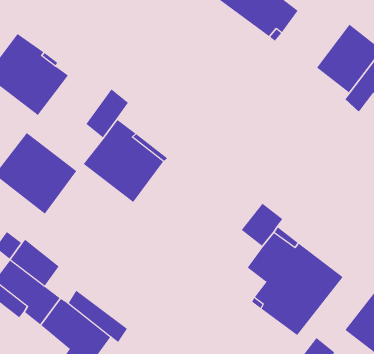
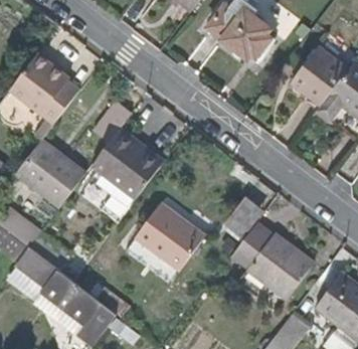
building: none -> [134,203,204,273]

